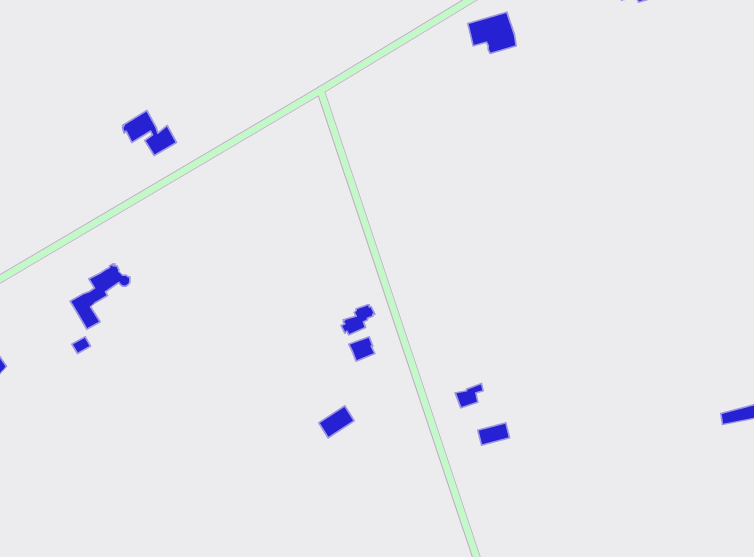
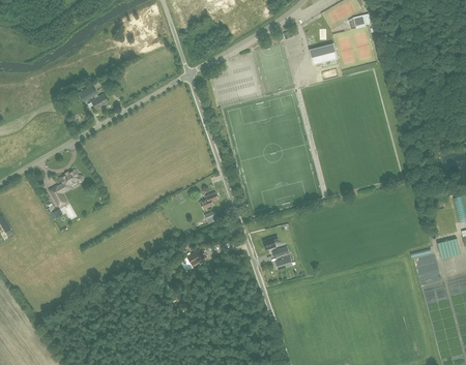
building: [468,12,516,53] -> [310,42,337,65]

